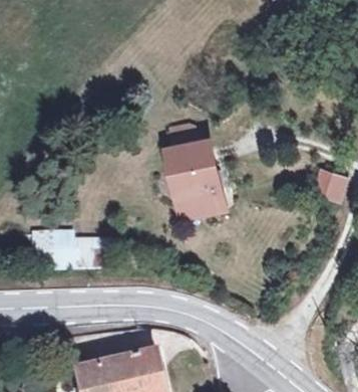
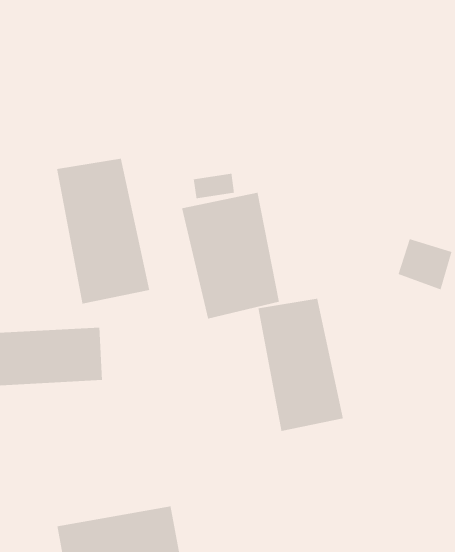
building: none -> [56,158,150,305]
building: none -> [258,298,344,432]

